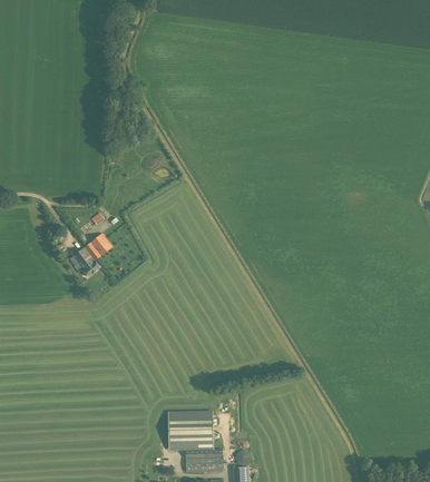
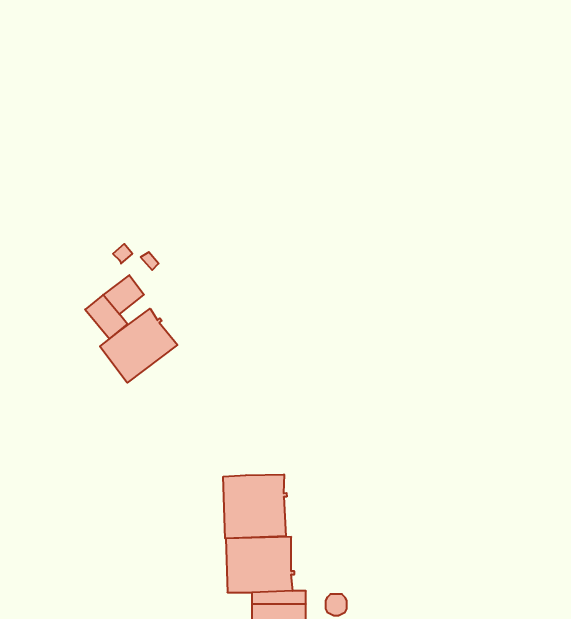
building: none -> [100,309,177,383]
building: none -> [223,474,287,538]

